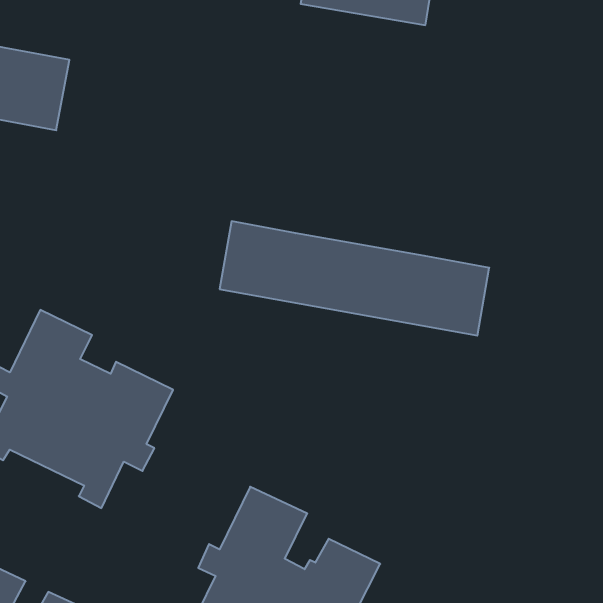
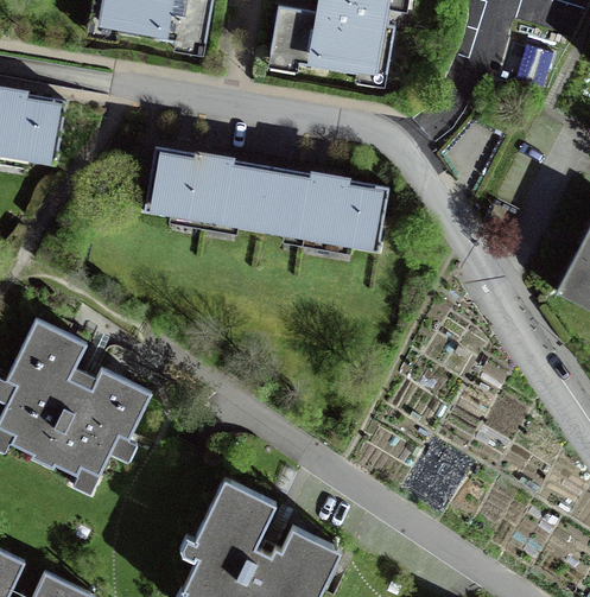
building: [220,221,489,336] -> [148,145,389,247]

